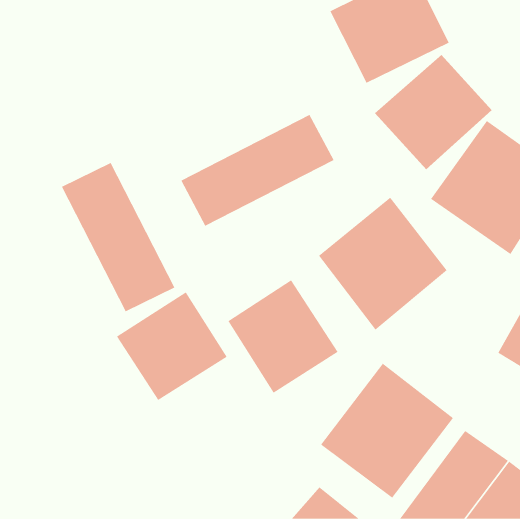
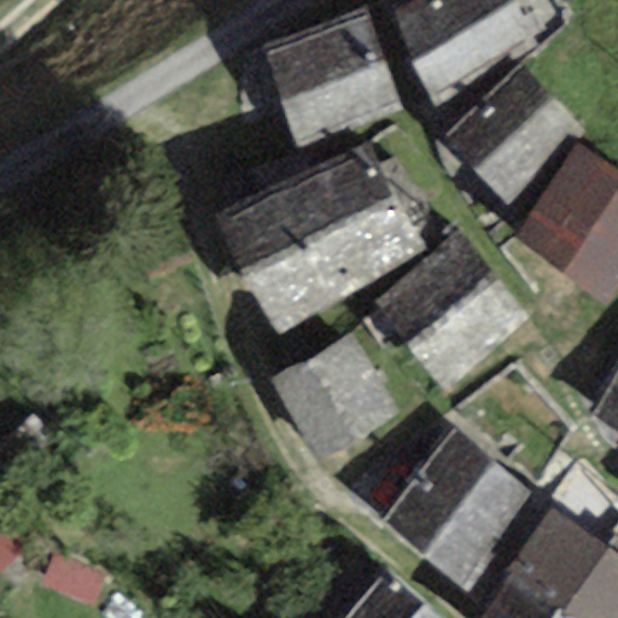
building: none -> [262,8,403,144]
building: none -> [244,190,430,333]
building: [61,162,175,312] -> none
building: [116,291,227,401] -> none

